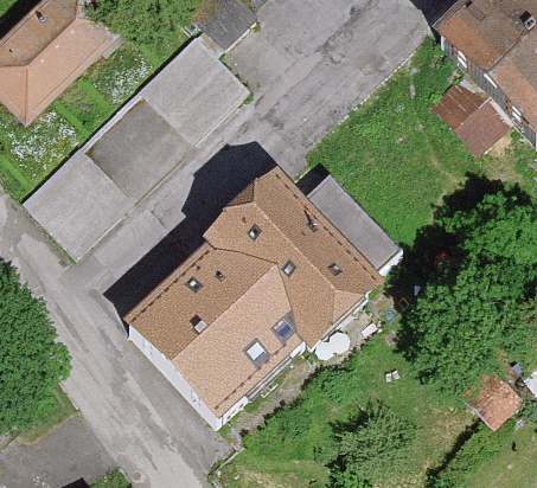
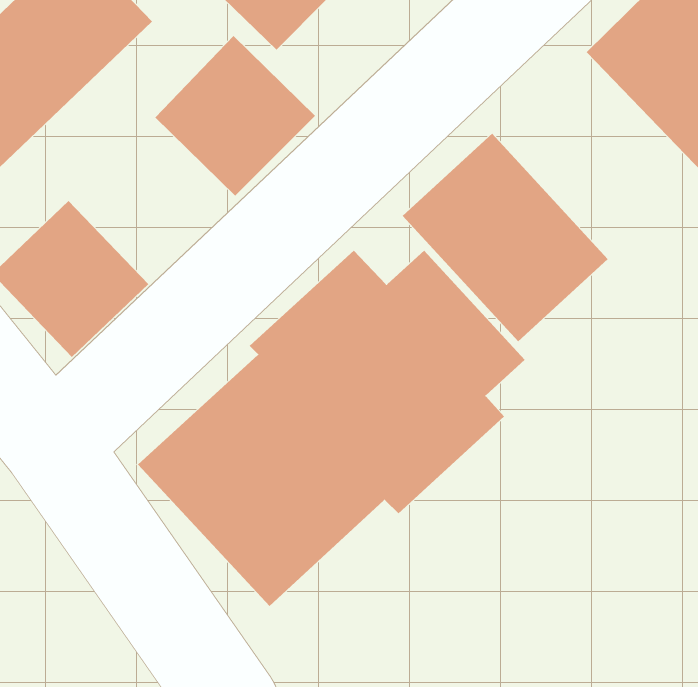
building: none -> [402,133,609,342]

